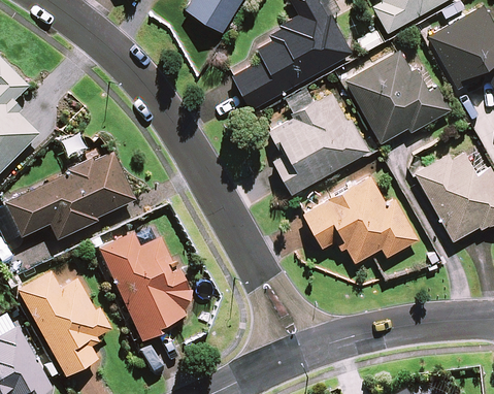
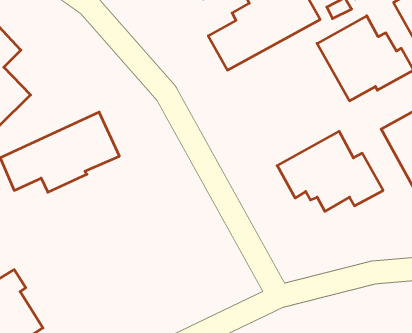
building: [269,86,368,192] -> none
building: [97,233,189,341] -> none
building: [17,273,107,376] -> none

